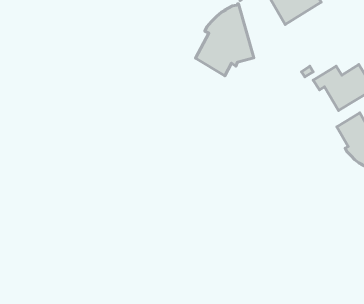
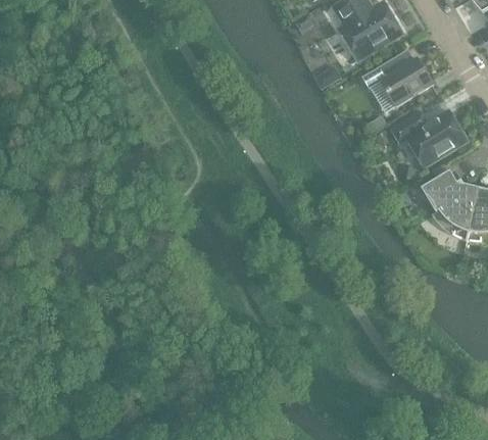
building: [196,4,254,76] -> none
building: none -> [367,51,433,105]

